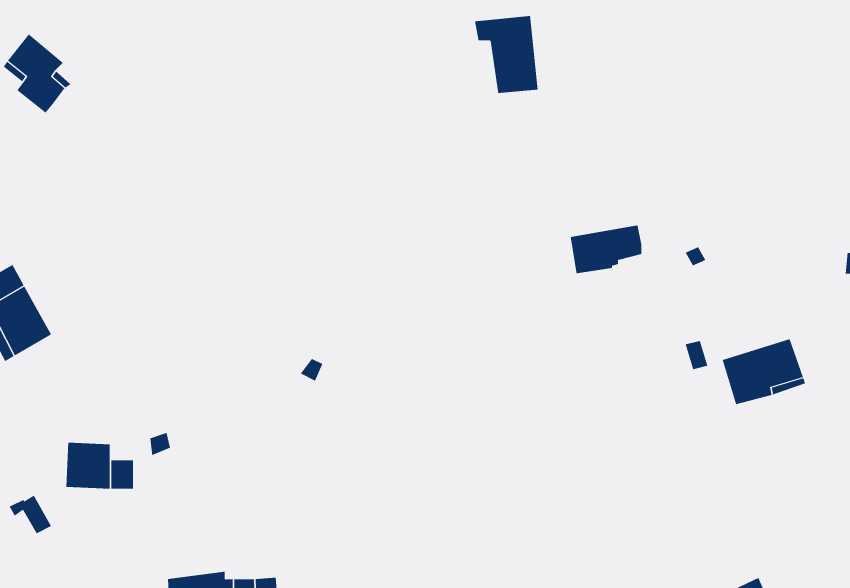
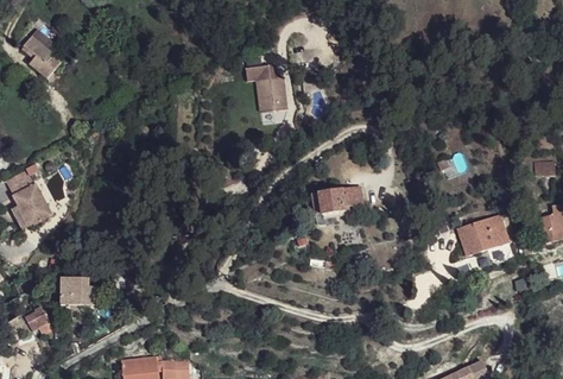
building: [474,15,539,94] -> [245,64,284,112]
building: [570,225,642,274] -> [318,185,362,215]

